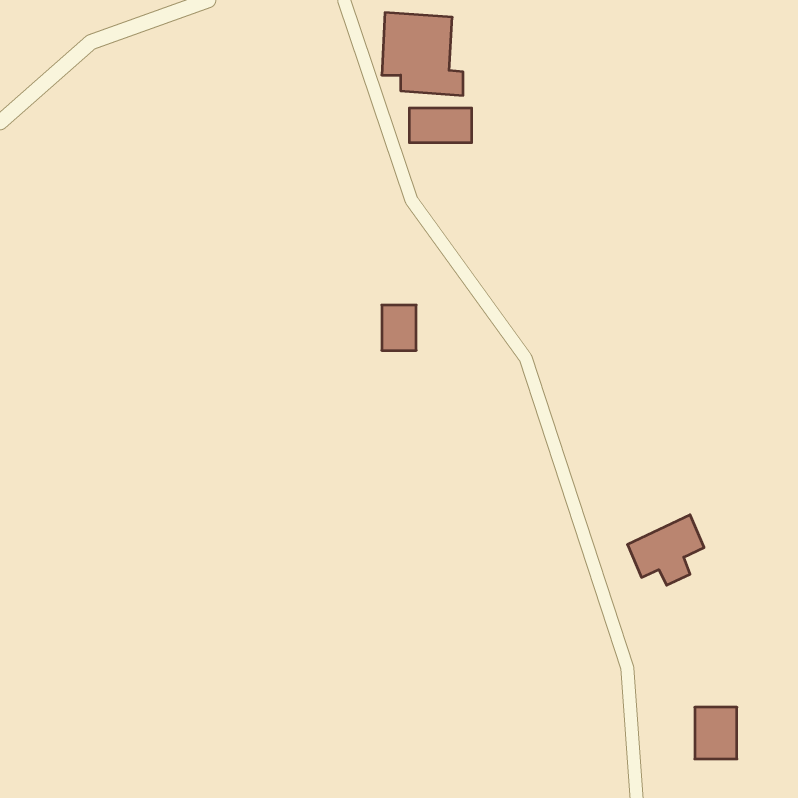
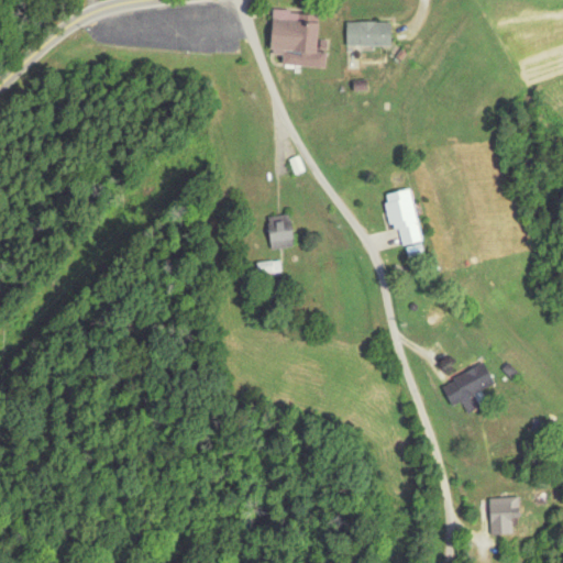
building: [409,108,472,143] -> [347,22,391,46]
building: none -> [384,189,420,244]

